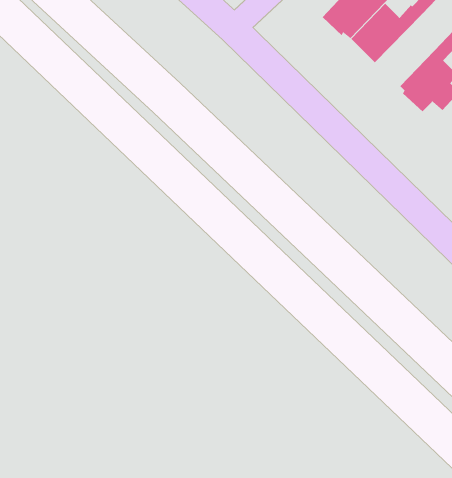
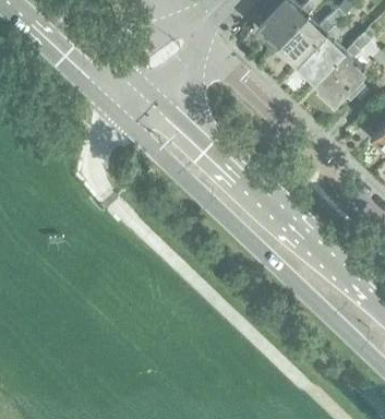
building: none -> [300,25,345,80]

